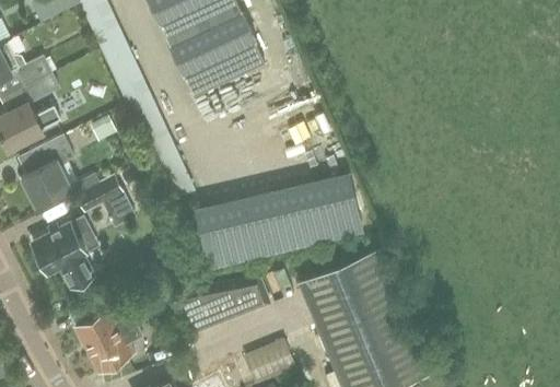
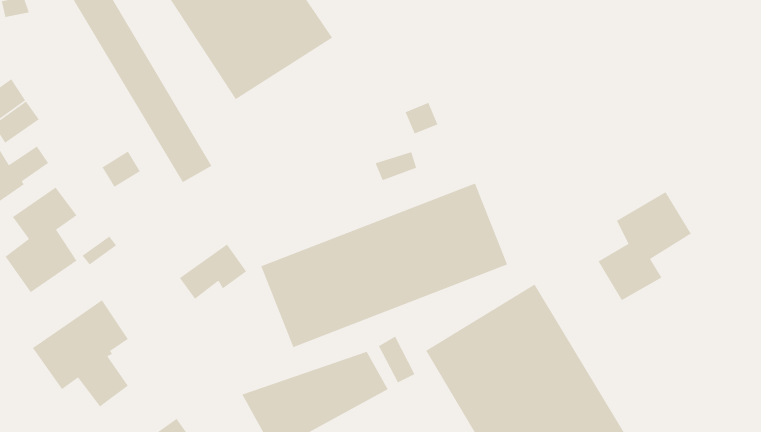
building: [77,178,124,213] -> [179,244,247,300]
building: none -> [597,191,692,301]

